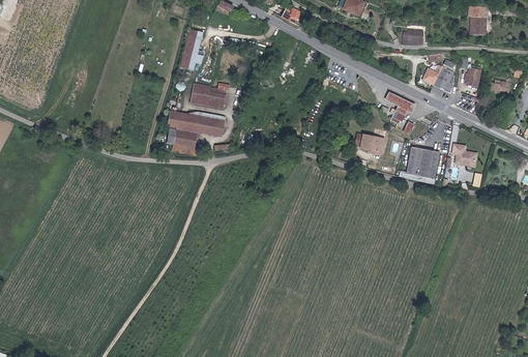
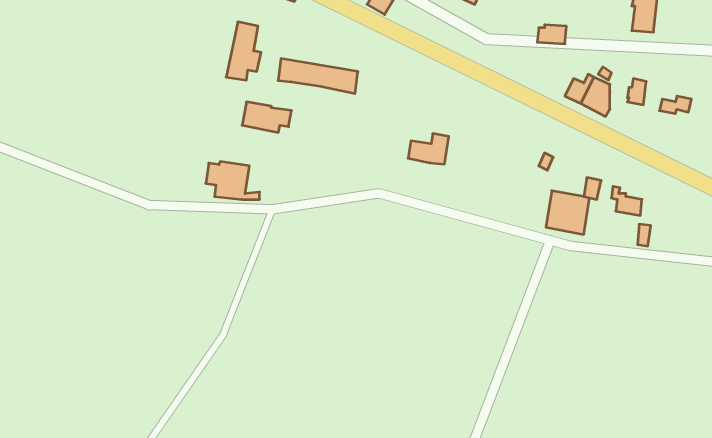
building: [384,92,415,123] -> none
building: [167,110,224,135] -> [278,59,358,93]
building: [356,128,385,150] -> [408,134,449,164]

